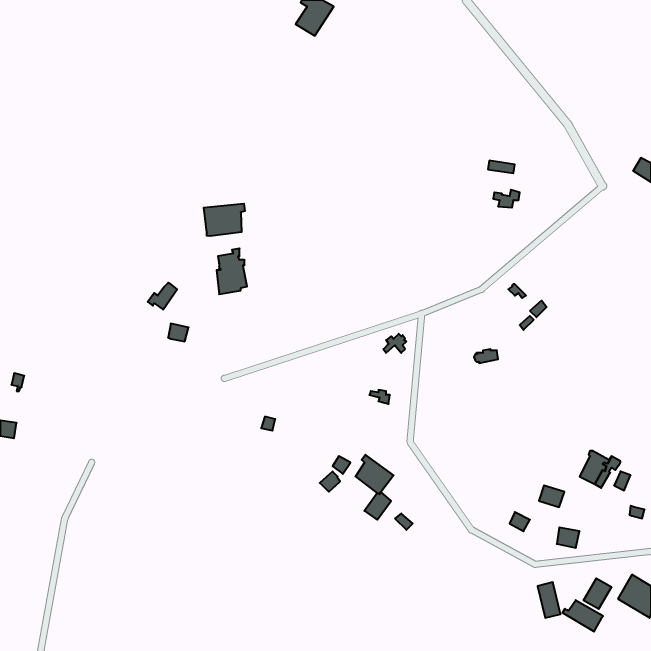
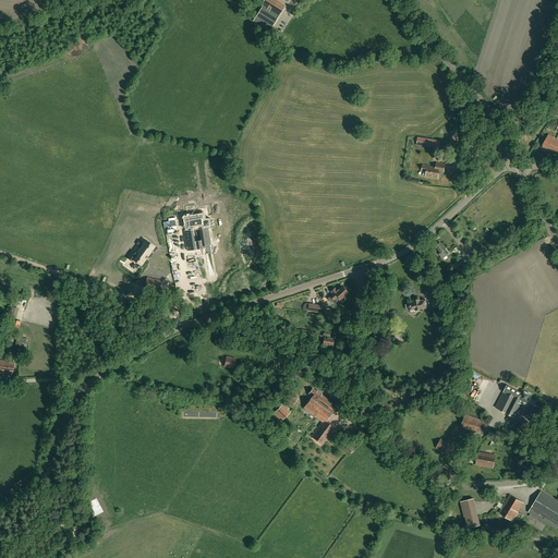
building: [204,204,245,236] -> none
building: [563,600,603,632] -> none

